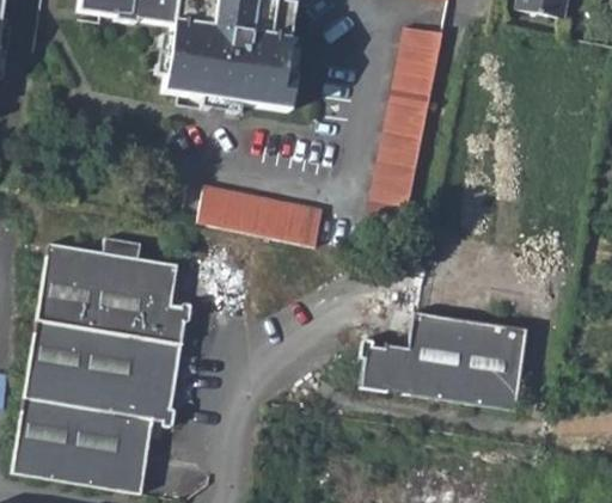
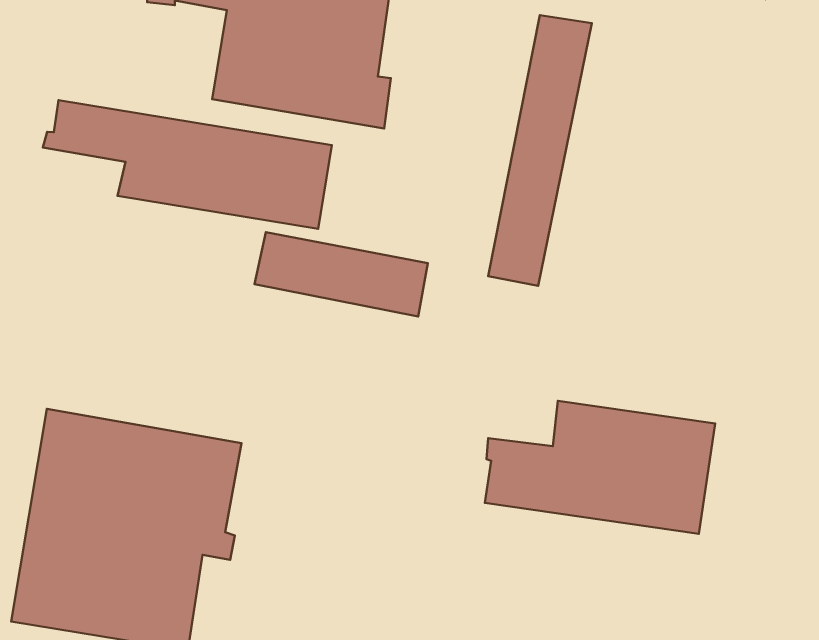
building: none -> [43,100,332,229]
building: [39,244,196,342] -> none

